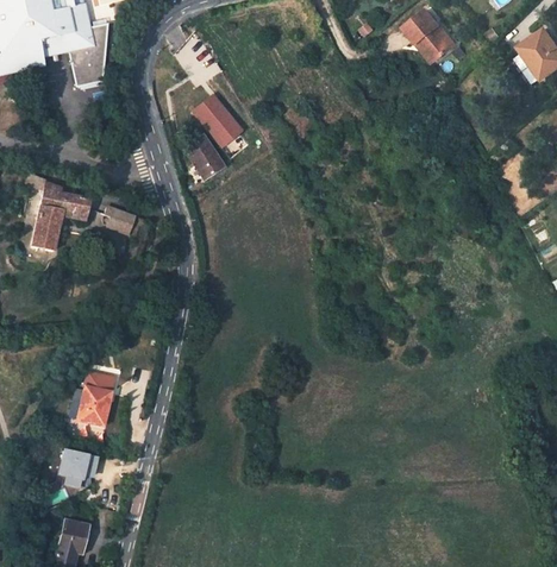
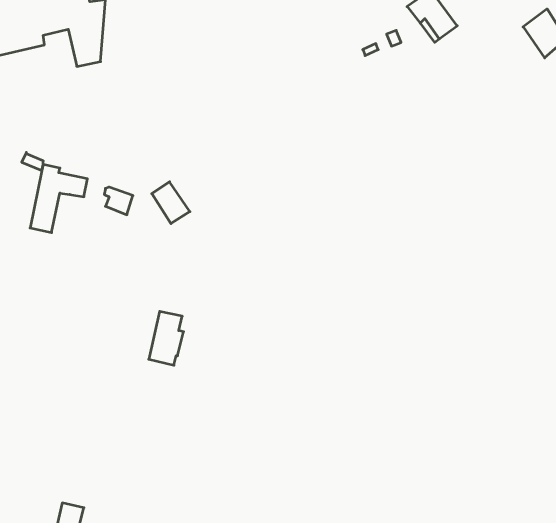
building: [195,96,242,146] -> none
building: [184,138,223,179] -> [152,182,190,224]
building: [77,373,112,427] -> [149,311,184,365]
building: [56,448,100,492] -> none

